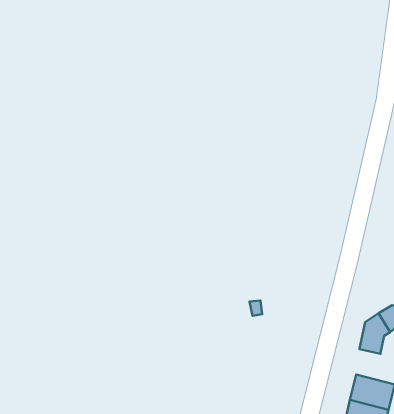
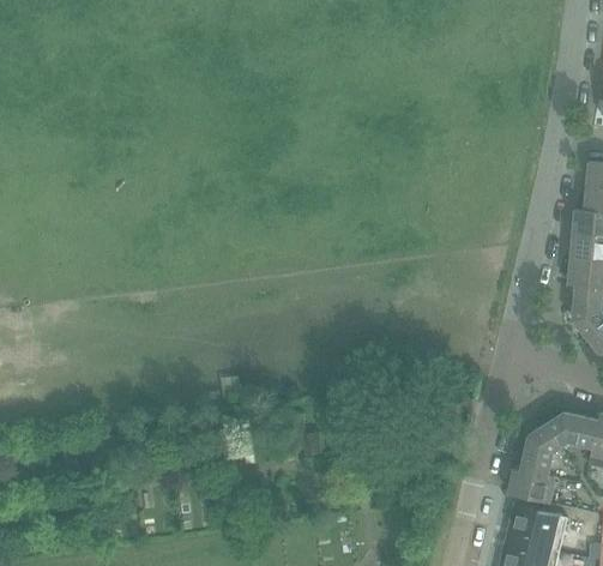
building: none -> [508,469,555,504]

